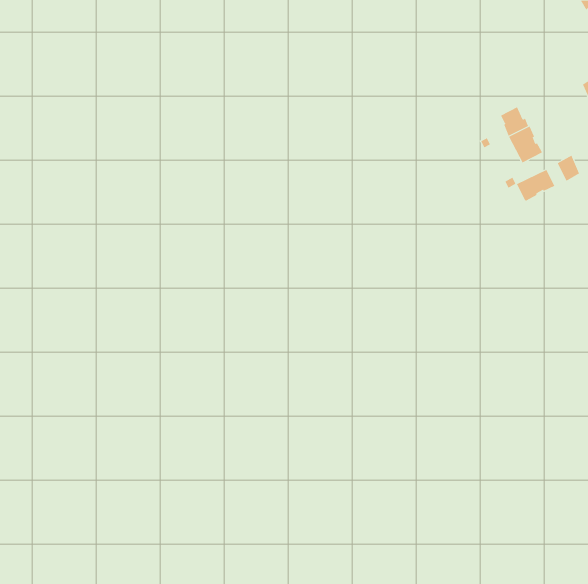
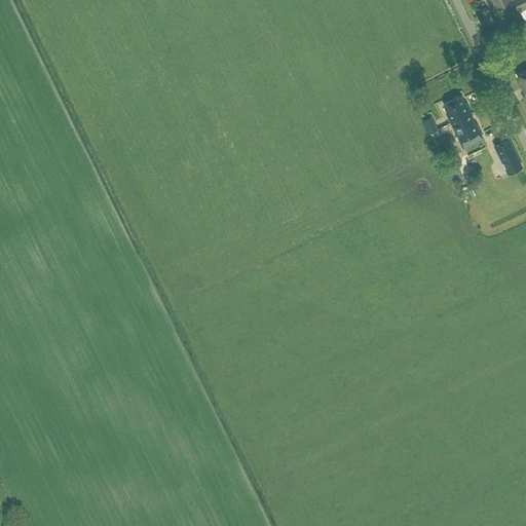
building: [516,169,555,201] -> none

